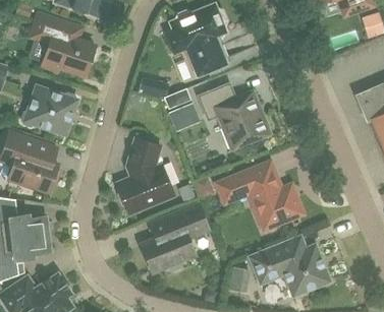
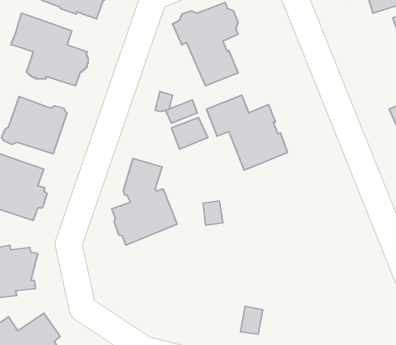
building: [216,163,303,231] -> none
building: [141,205,208,272] -> none
building: [248,235,330,297] -> none

